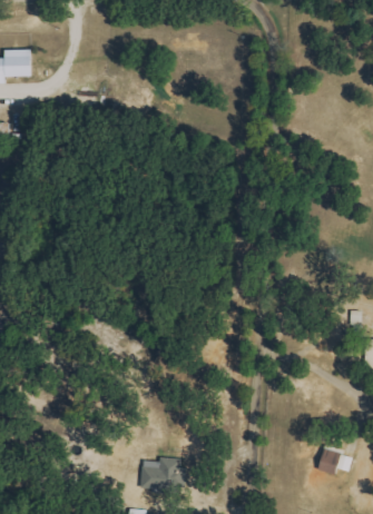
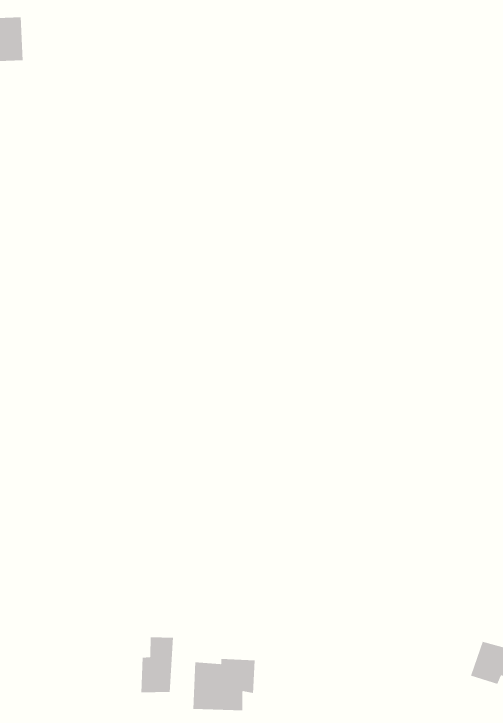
building: none -> [141,636,173,693]

